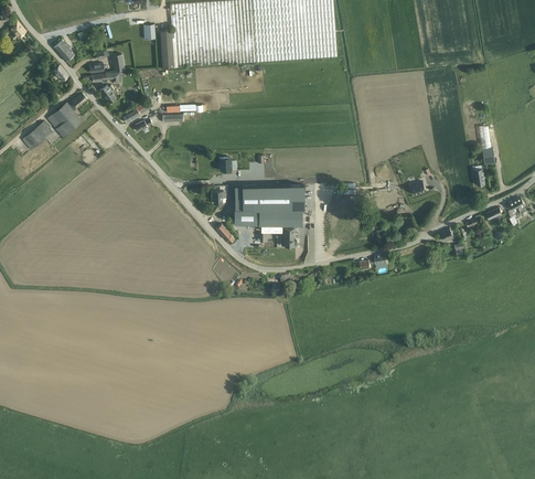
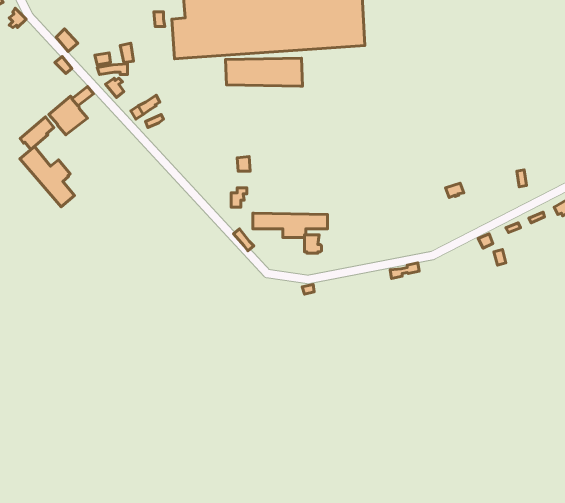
building: none -> [20,146,74,207]
building: [234,184,304,210] -> [225,58,303,86]

